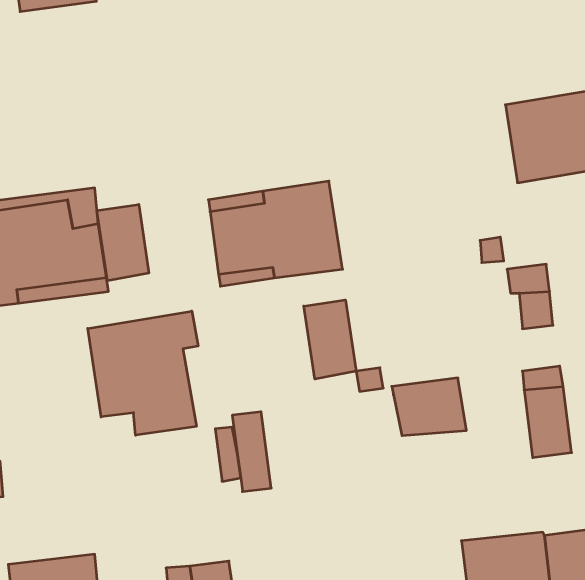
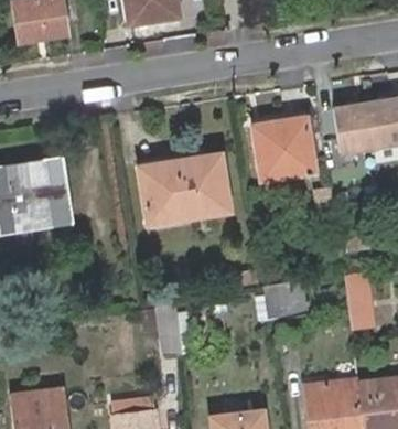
building: none -> [252,116,313,176]
building: [97,204,149,281] -> none
building: [304,300,356,379] -> none
building: [88,311,198,435] -> none

